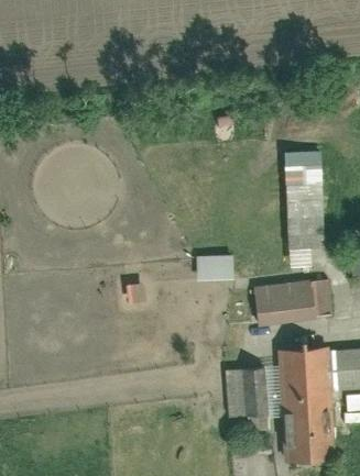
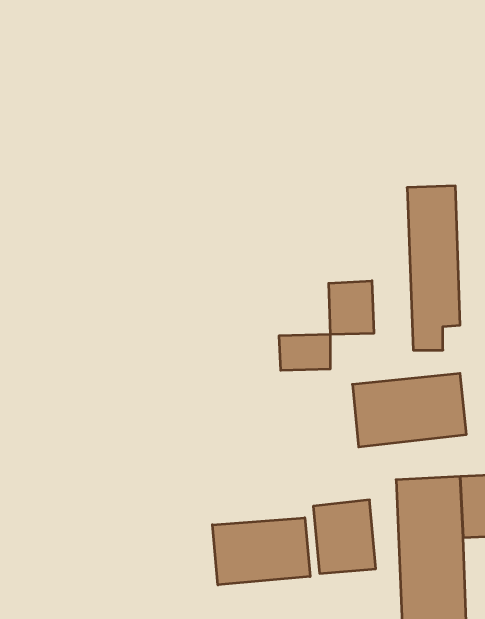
building: none -> [329,281,374,334]
building: none -> [212,518,310,585]

